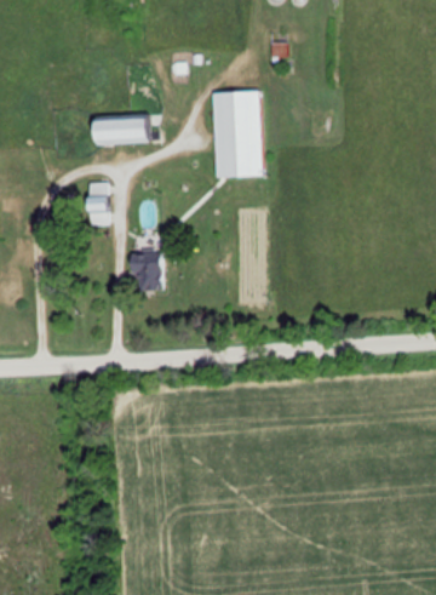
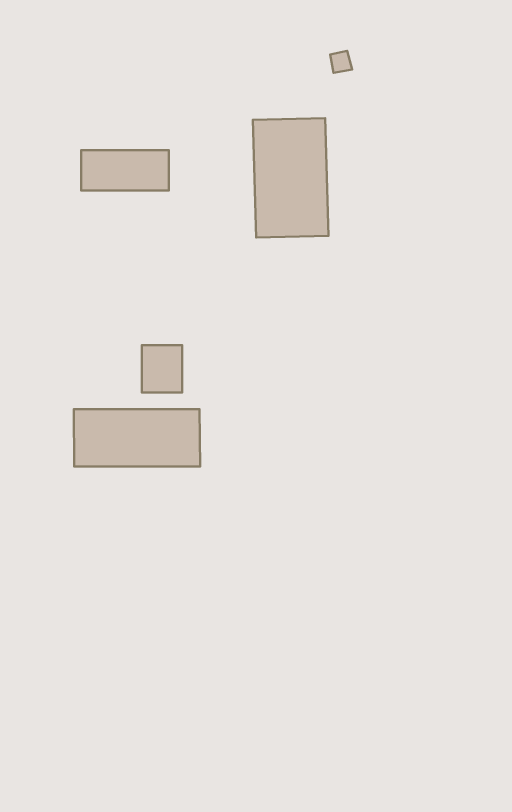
building: [85,183,110,225] -> none
building: none -> [74,409,200,467]

